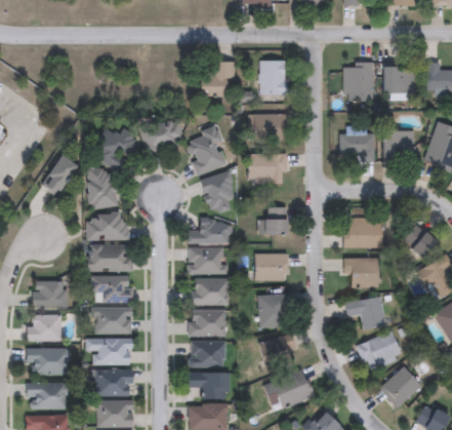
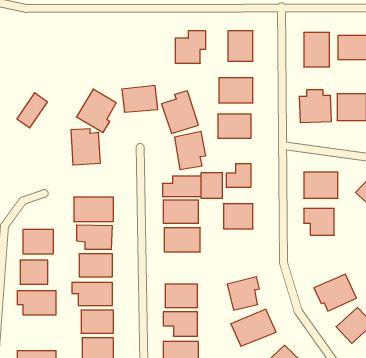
building: [42,157,76,196] -> [17,93,47,128]
building: [86,214,131,240] -> none
building: none -> [201,172,222,198]
building: [260,295,289,327] -> none
building: [345,297,385,329] -> none
building: [191,310,227,337] -> none
building: [28,384,68,409] -> none

